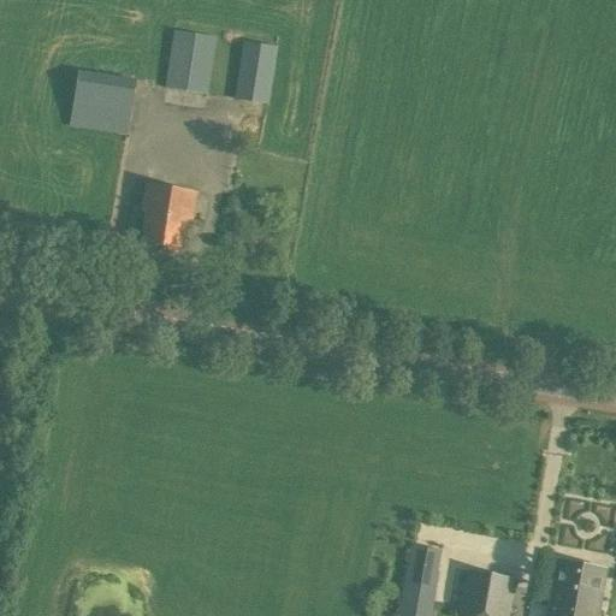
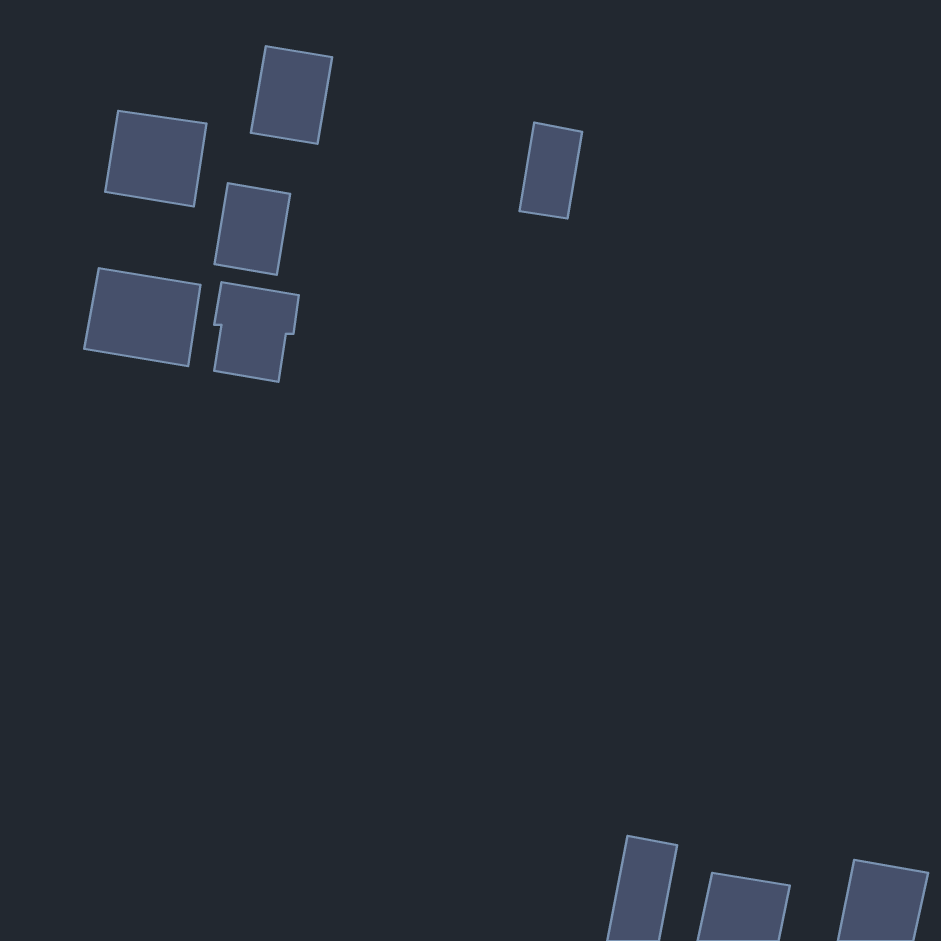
building: [236,41,277,103] -> [519,123,582,219]
building: none -> [214,183,290,275]
building: none -> [84,268,200,366]

